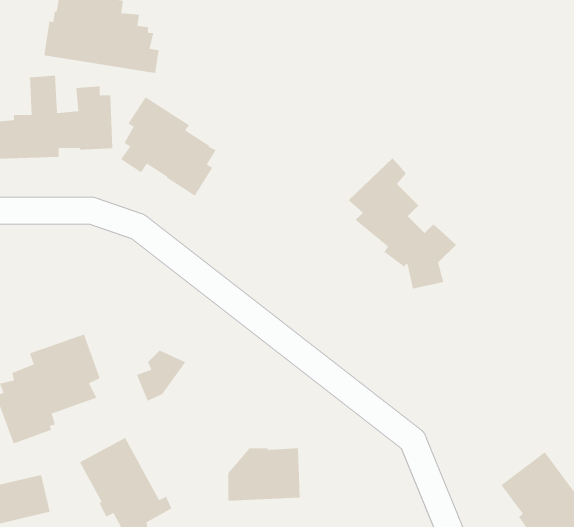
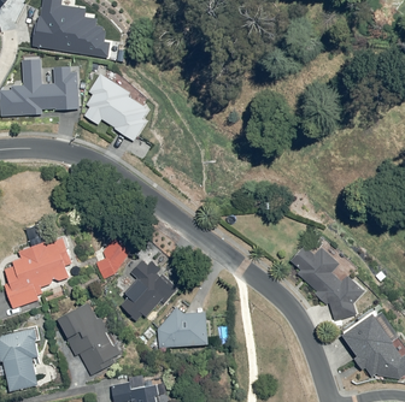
building: [348,157,457,289] -> [289,231,363,320]
building: none -> [119,260,174,320]

